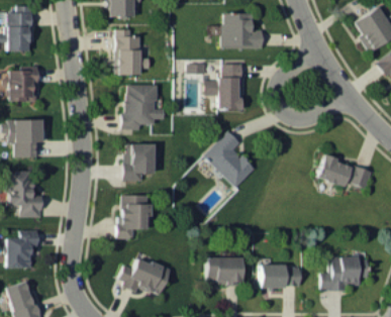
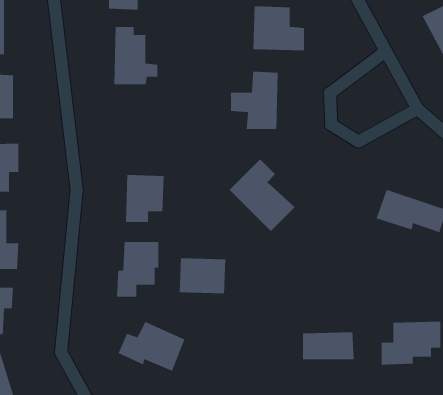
building: [124,85,165,129] -> none
building: [207,256,243,285] -> [179,258,226,294]

